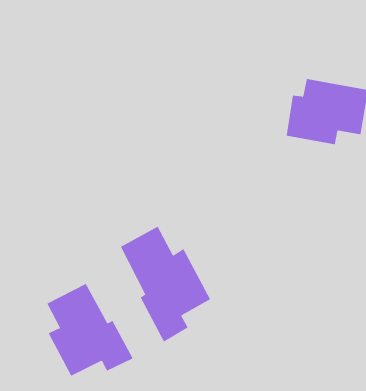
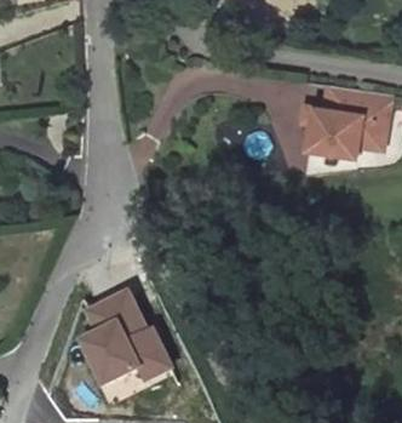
building: [120,226,211,343] -> none

